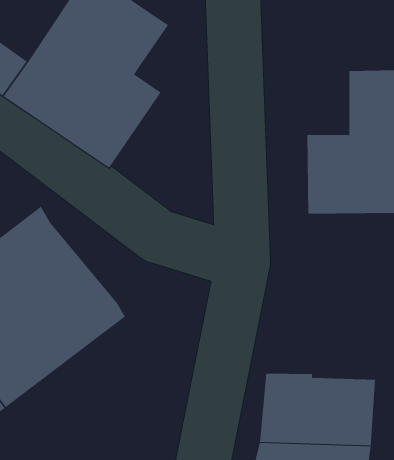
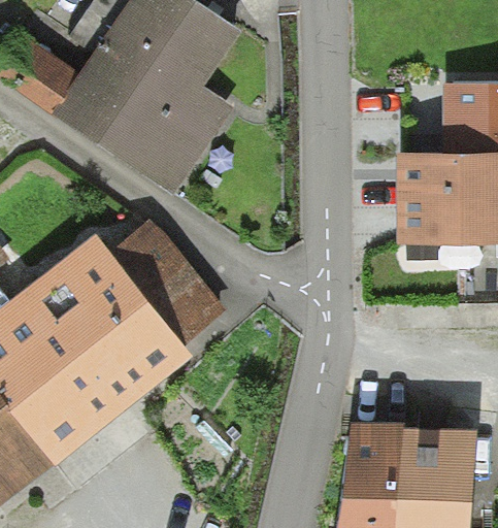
building: none -> [106,218,226,344]

